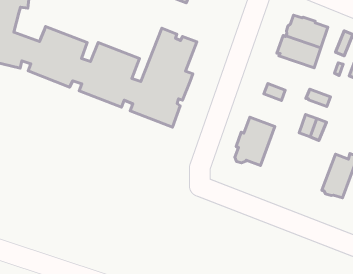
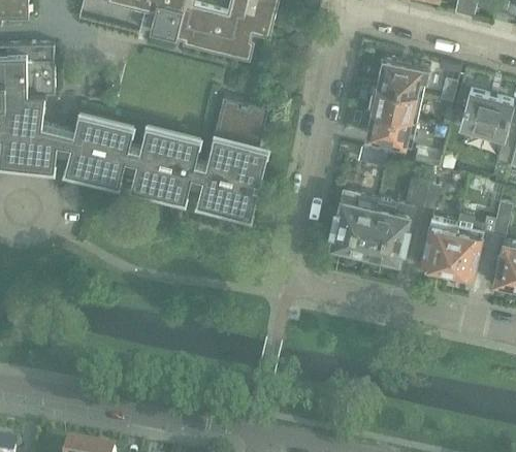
building: none -> [365,112,416,148]
building: none -> [365,200,409,263]
building: none -> [420,219,456,273]

